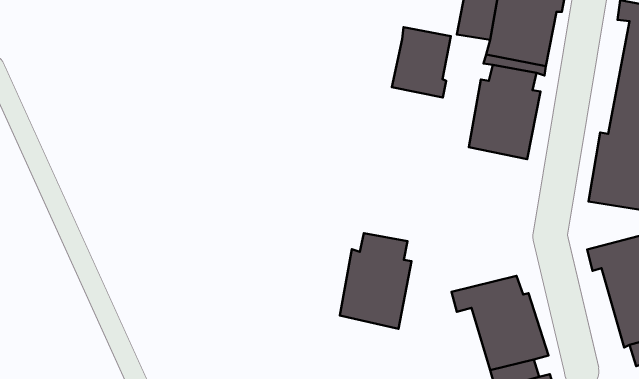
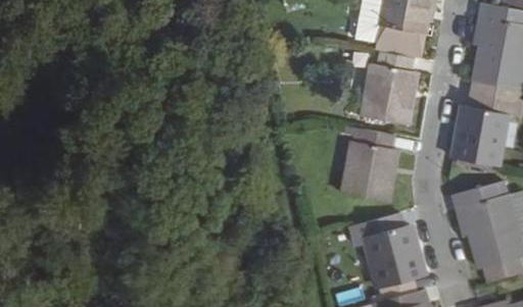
building: [392,27,451,98] -> none
building: [340,233,412,329] -> [343,130,398,203]

